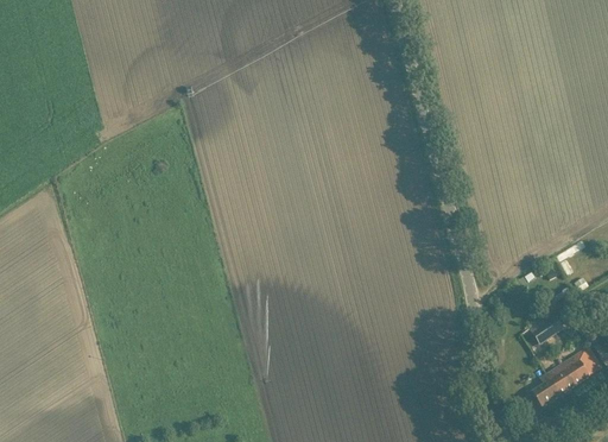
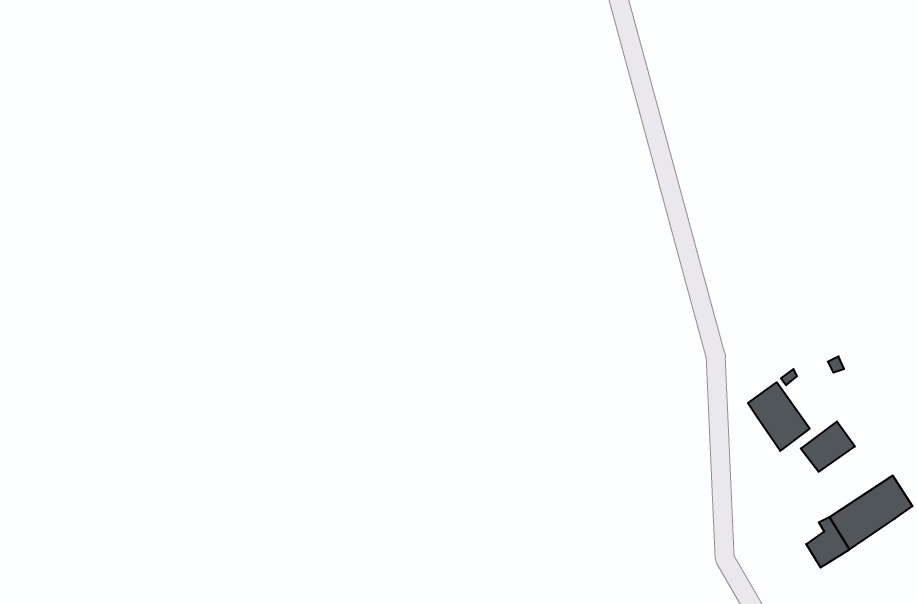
building: none -> [748,382,810,451]

